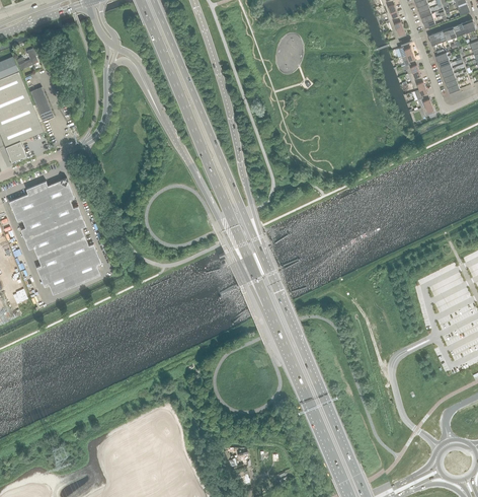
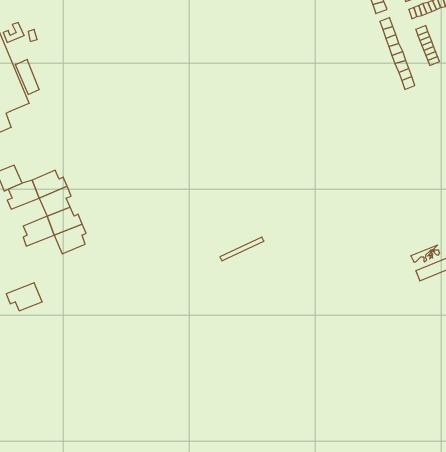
building: [26,178,73,212] -> none
building: [24,227,61,256] -> none
building: [39,265,76,293] -> [6,283,42,311]

